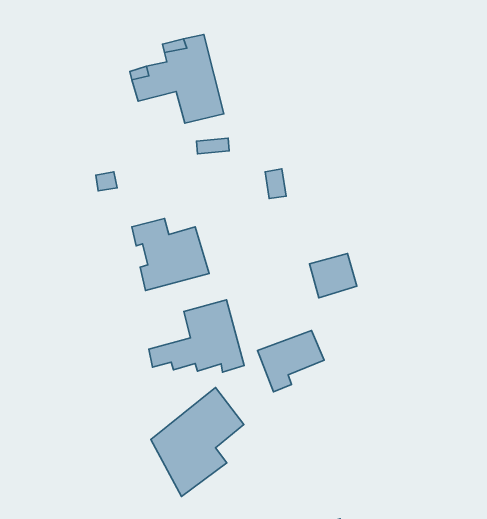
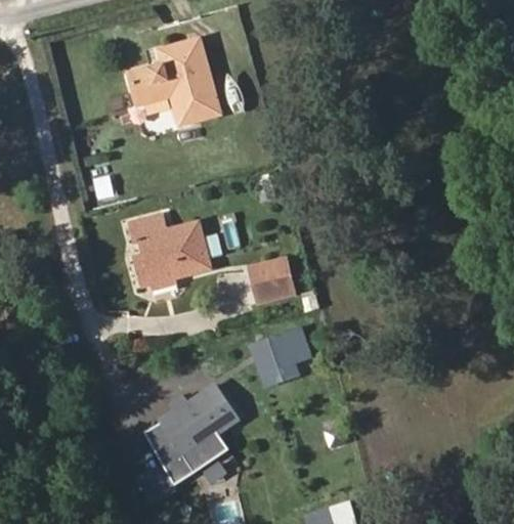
building: [309,253,357,298] -> [251,257,297,300]
building: [149,300,244,372] -> none

